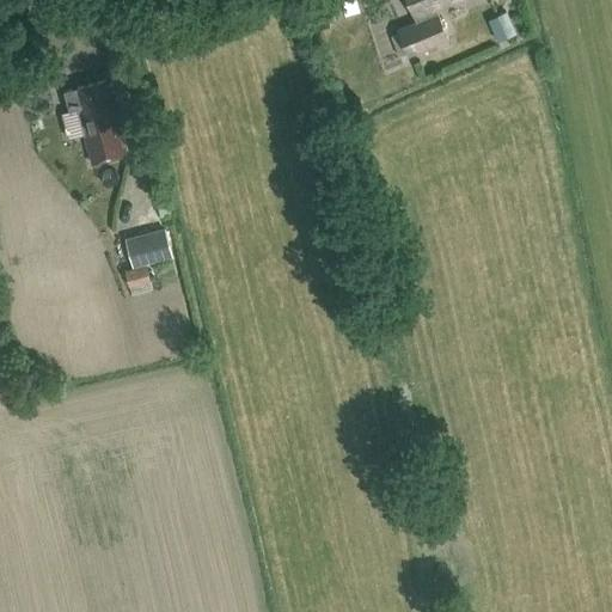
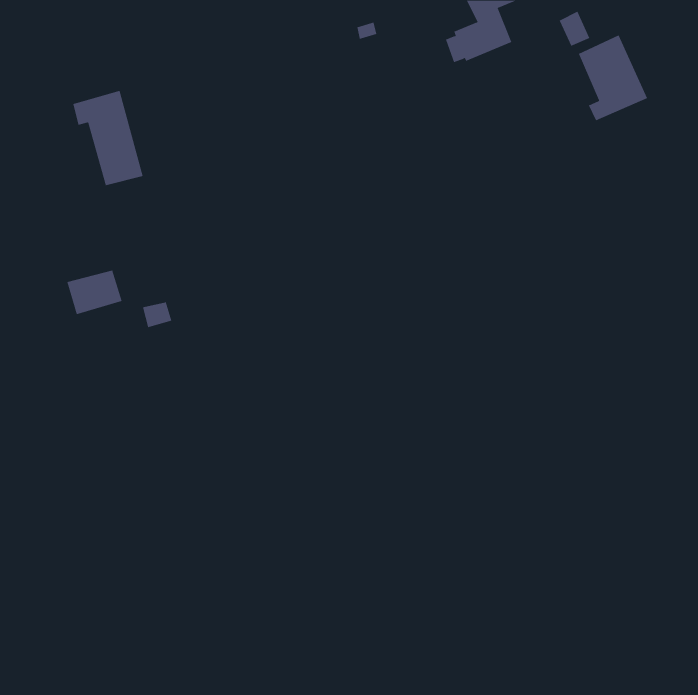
building: none -> [578,35,648,121]
building: [123,228,172,268] -> [66,270,122,315]

